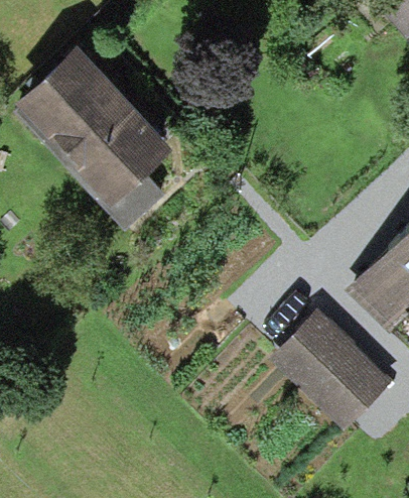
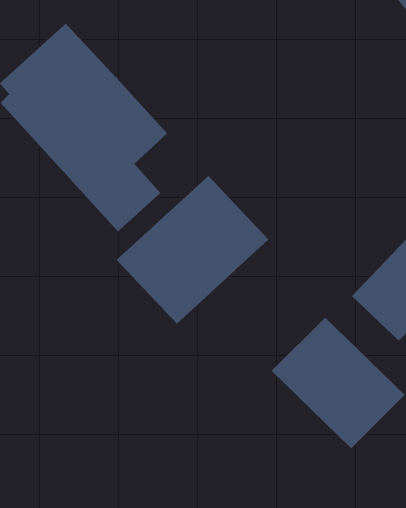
building: none -> [116,175,269,324]

